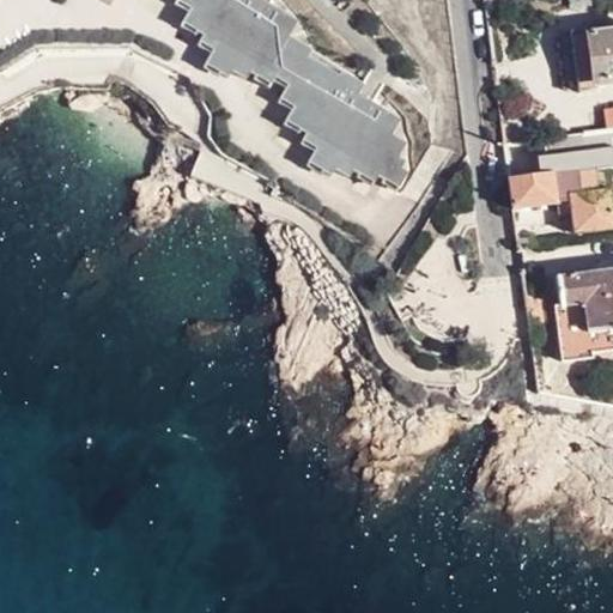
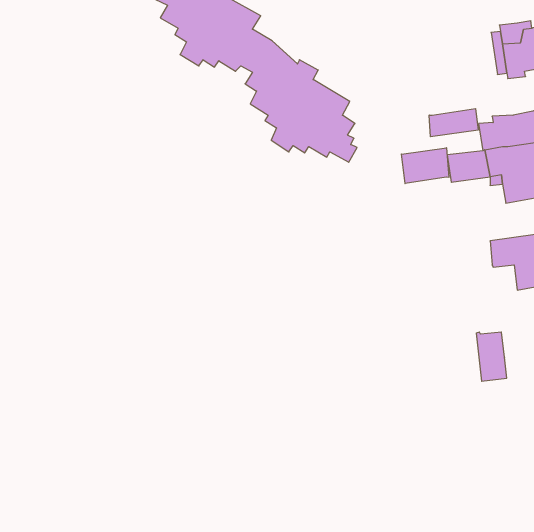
building: none -> [429,109,478,137]
building: none -> [401,148,449,184]
building: [560,303,595,359] -> [476,332,507,381]

